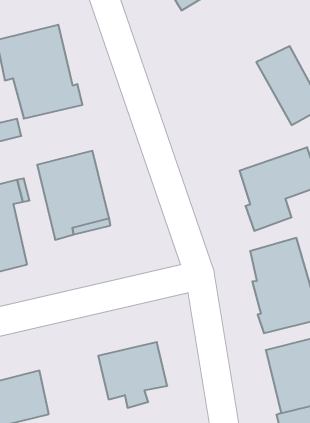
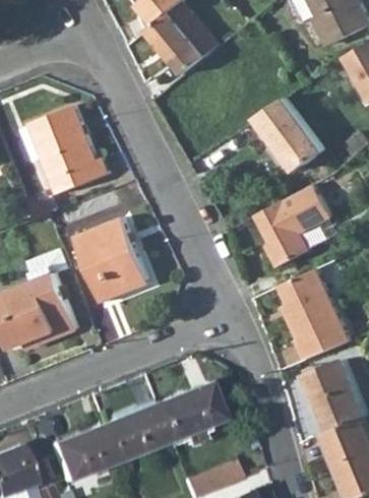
building: none -> [99,404,166,464]

